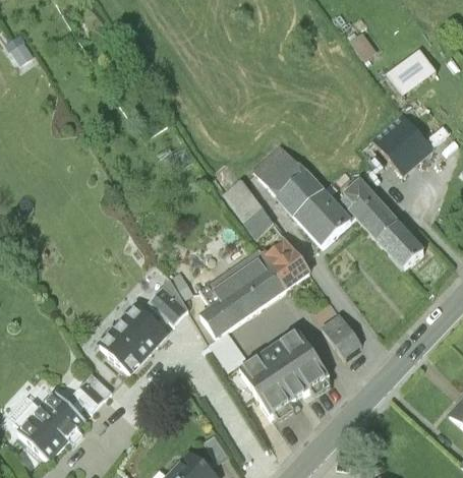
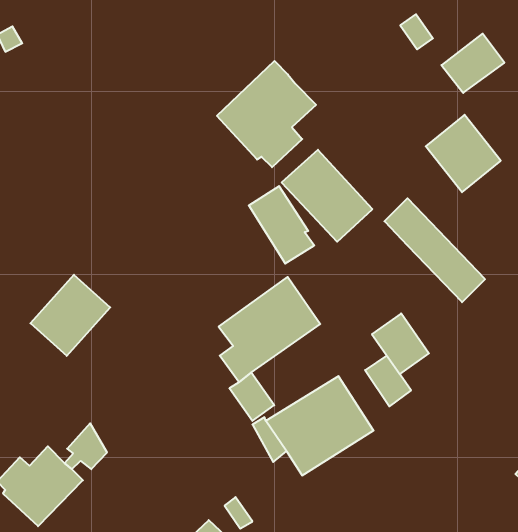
building: none -> [217,61,316,167]
building: [299,191,358,249] -> none
building: [262,237,309,288] -> [372,313,429,374]
building: [149,277,188,324] -> none
building: [100,304,167,372] -> [30,275,110,356]

